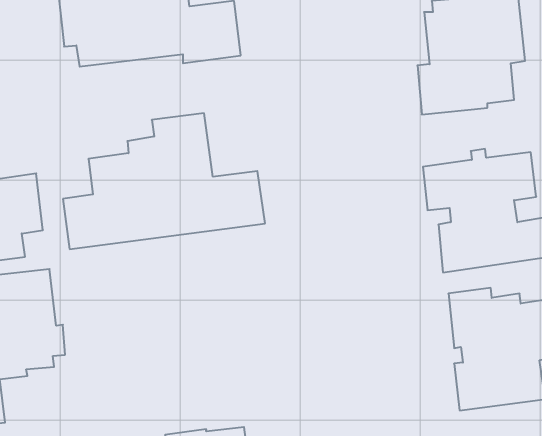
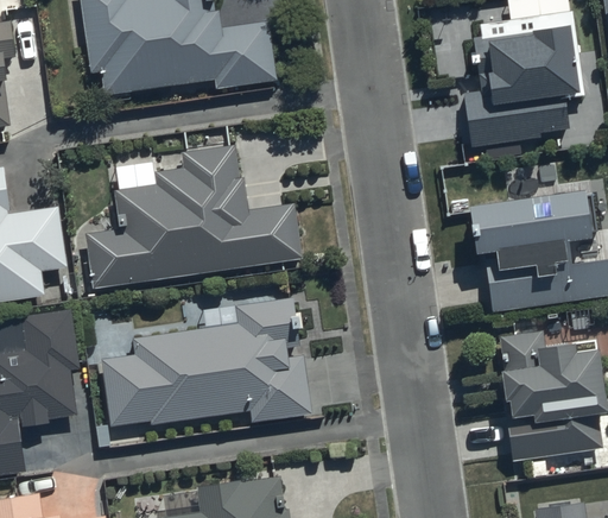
building: none -> [99,296,311,425]

